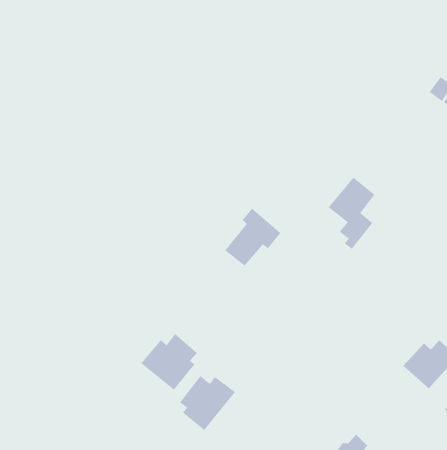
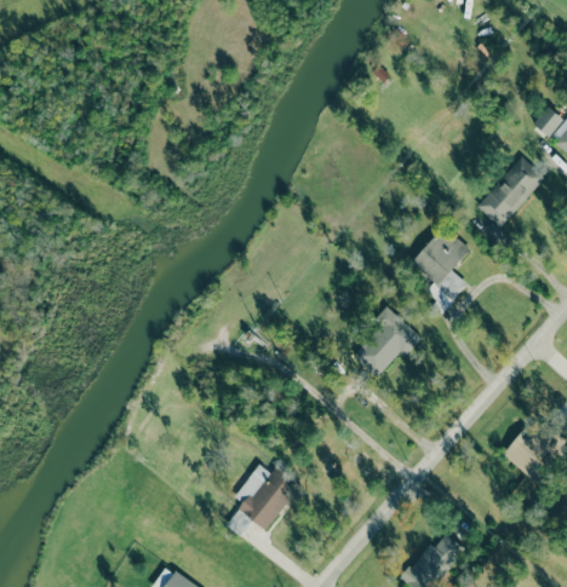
building: none -> [477,156,543,229]
building: [225,208,281,266] -> [353,307,420,378]
building: [140,333,198,391] -> none

